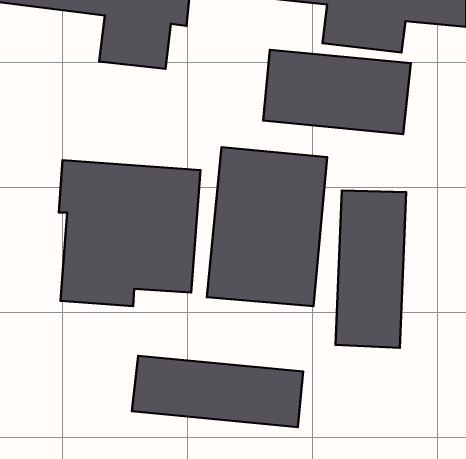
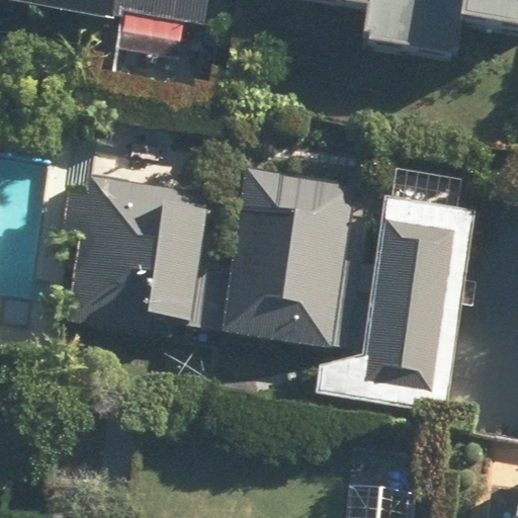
building: [263,50,411,134] -> none
building: [132,356,303,427] -> none

